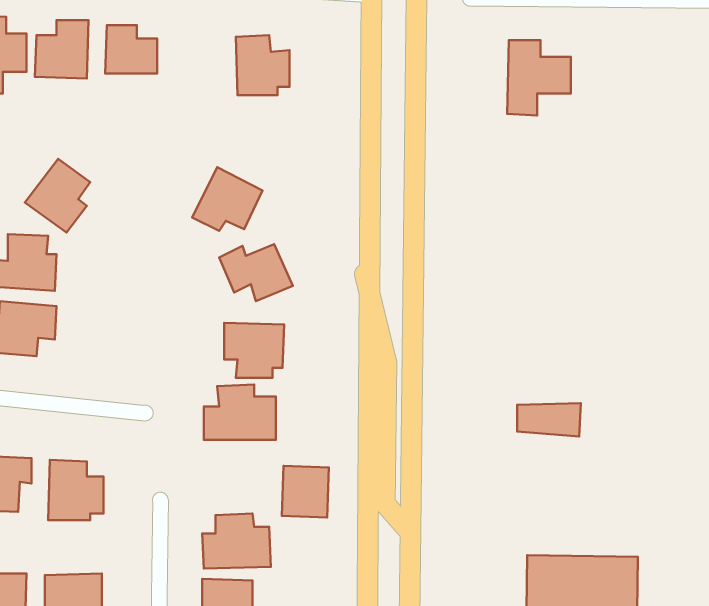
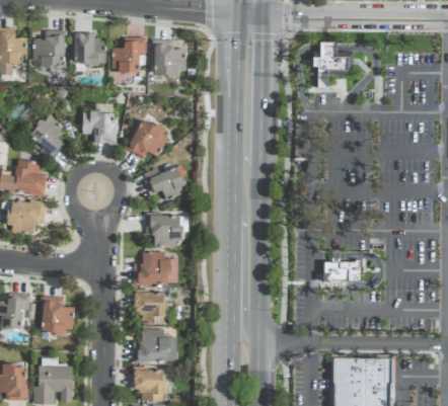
building: none -> [111,38,145,71]
building: none -> [83,110,115,142]
building: [282,466,329,518] -> [137,291,165,322]

